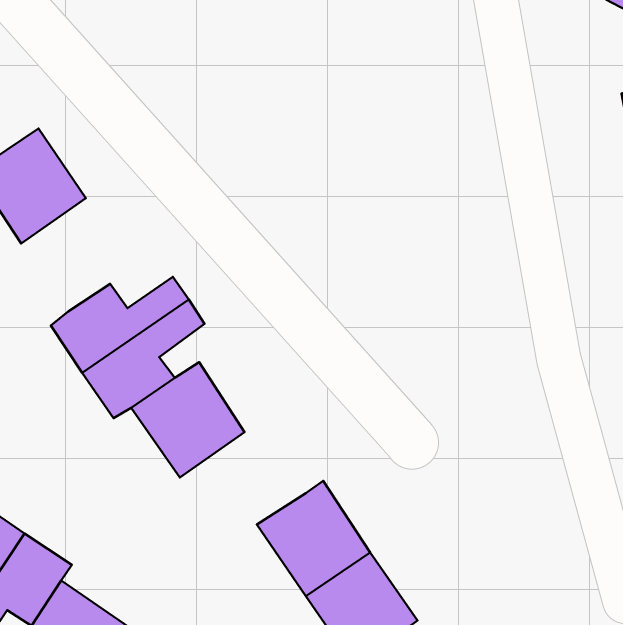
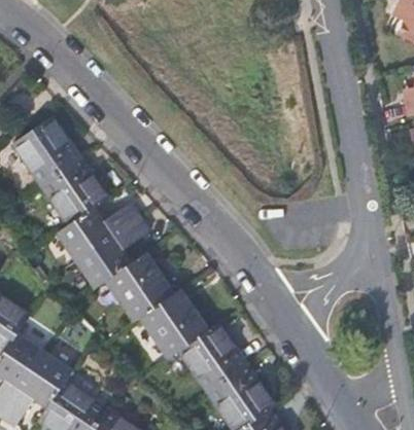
building: none -> [42,155,108,222]
building: none -> [143,289,210,356]

